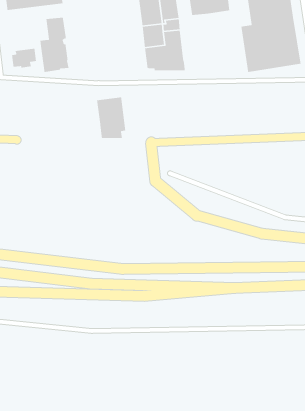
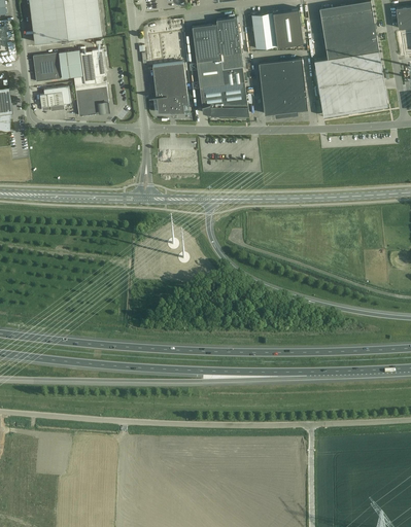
building: none -> [32,49,82,81]
building: none -> [258,58,307,114]
building: [94,97,126,139] -> [148,62,187,112]

